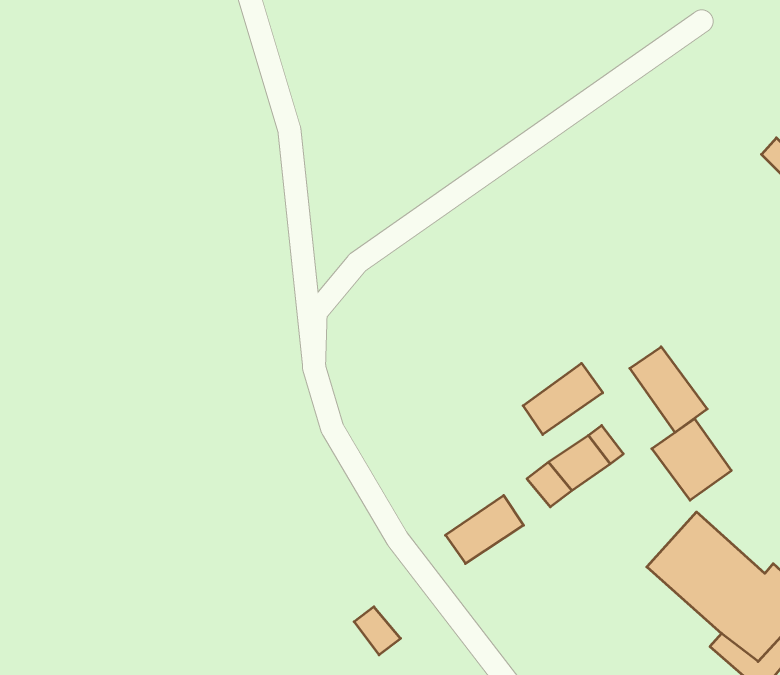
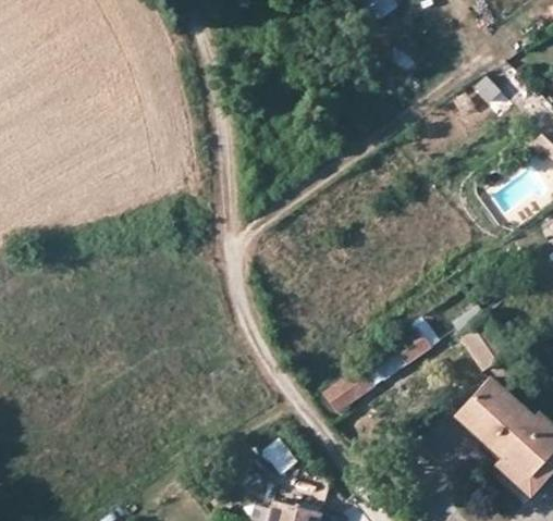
building: [630,347,707,432] -> none
building: [523,363,603,435] -> none

